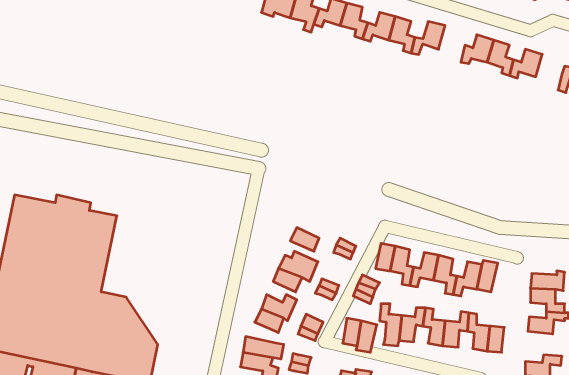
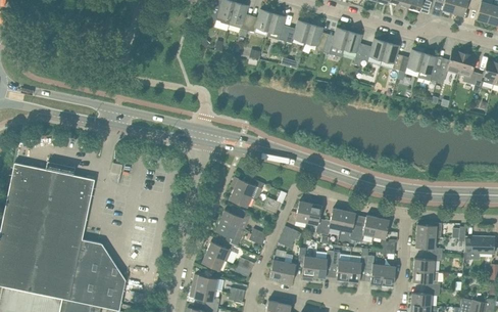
building: none -> [344,31,364,65]
building: none -> [417,53,440,81]
building: none -> [230,175,264,198]
building: none -> [412,269,440,288]

